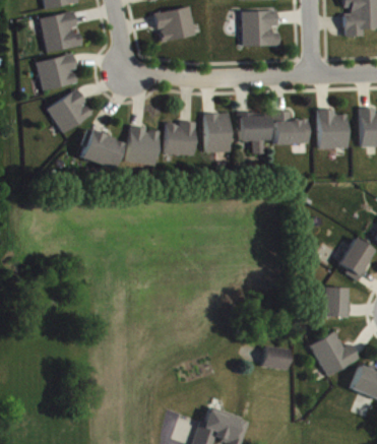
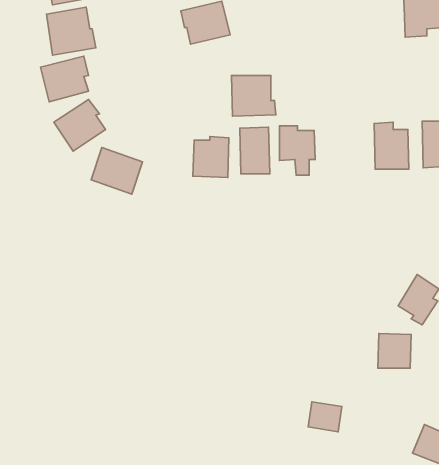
building: [242,11,279,46] -> [231,75,276,116]
building: [273,112,308,144] -> none
building: [126,127,159,165] -> none
building: [310,331,360,377] -> none

